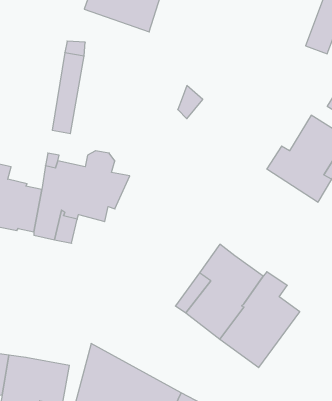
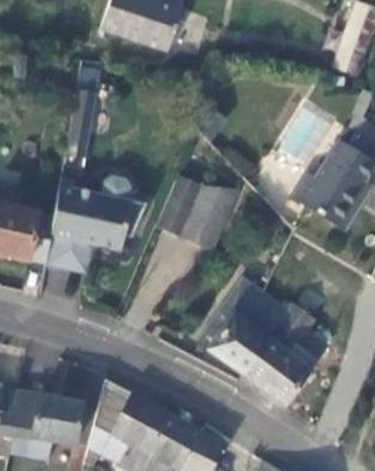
building: none -> [157,177,239,252]

